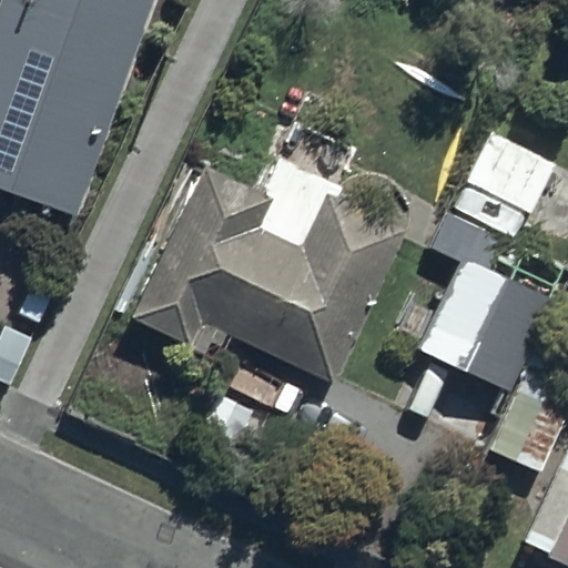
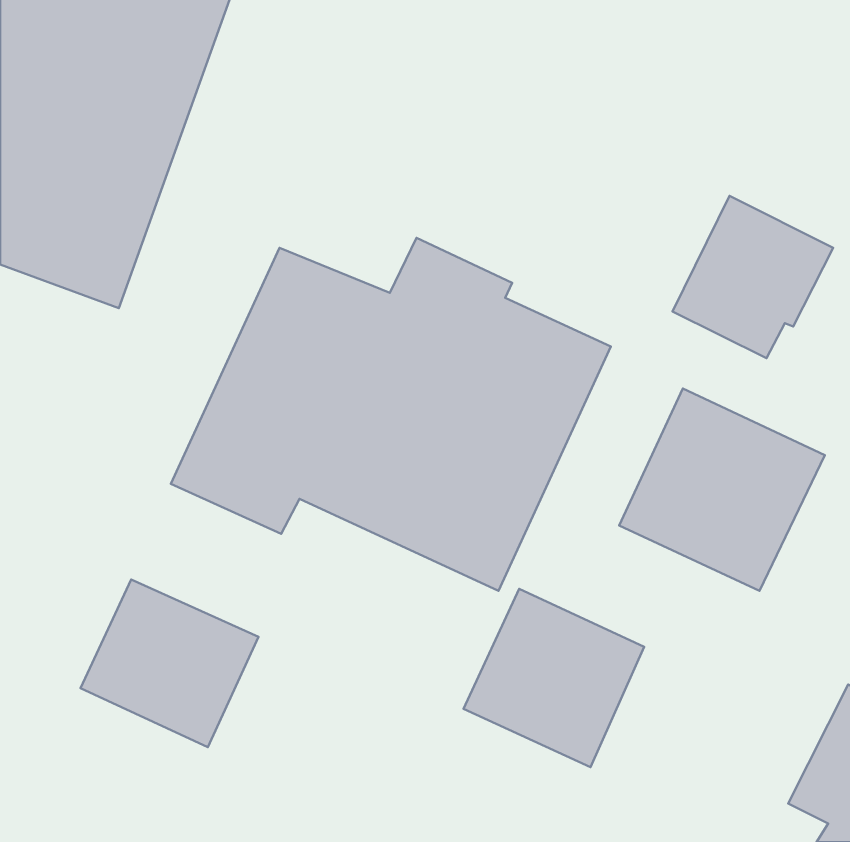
building: none -> [81,580,258,747]
building: none -> [463,589,644,767]

